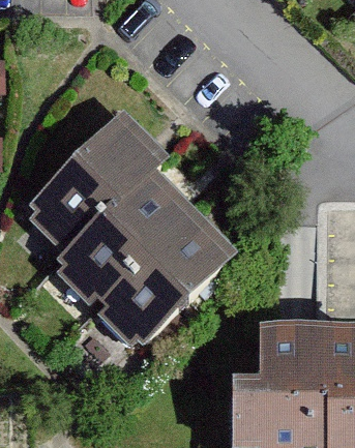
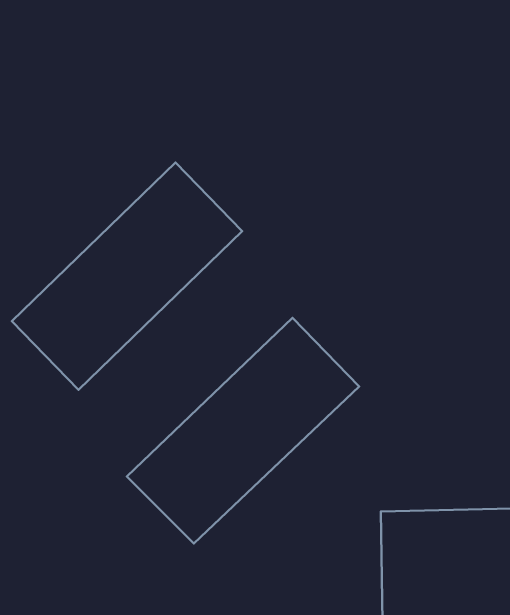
building: [58,180,201,321] -> none

